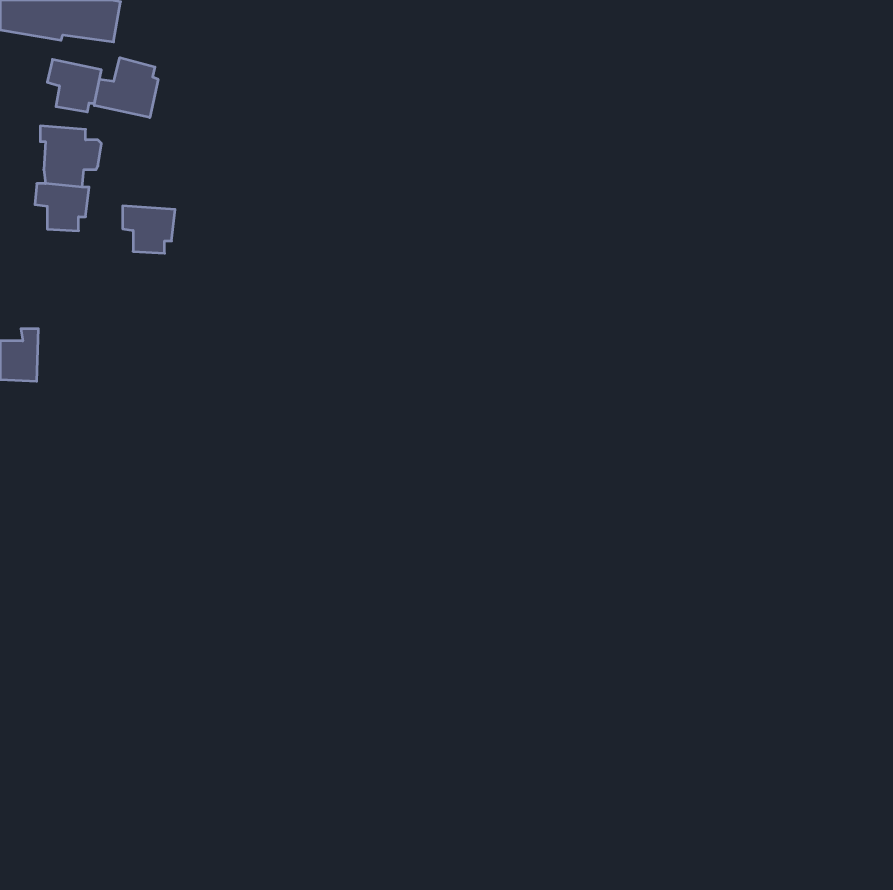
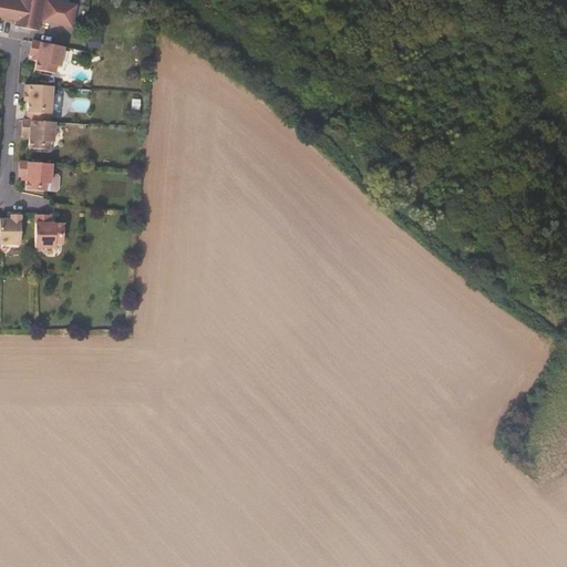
building: [94,58,158,118] -> none
building: [123,206,175,253] -> [21,159,54,189]
building: none -> [34,214,65,247]

